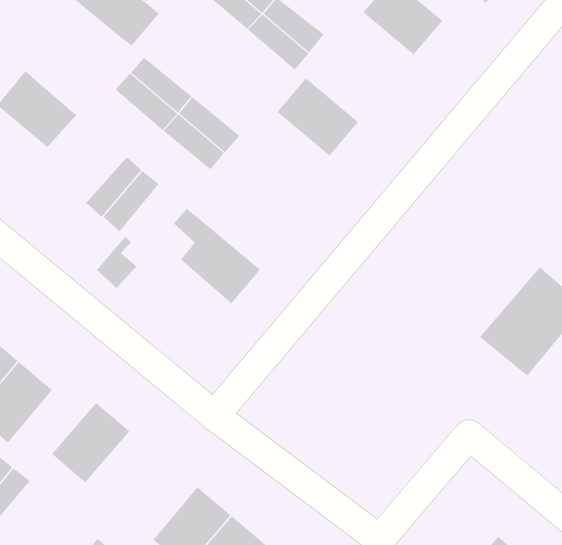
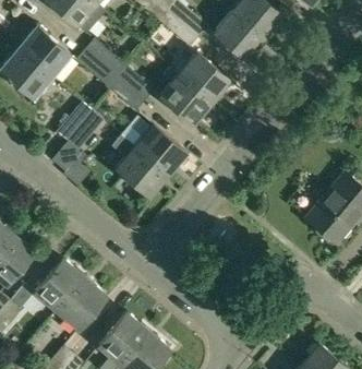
building: none -> [214,11,265,60]
building: none -> [19,26,70,76]
building: none -> [160,68,212,124]
building: none -> [134,124,186,175]
building: none -> [57,277,107,329]

